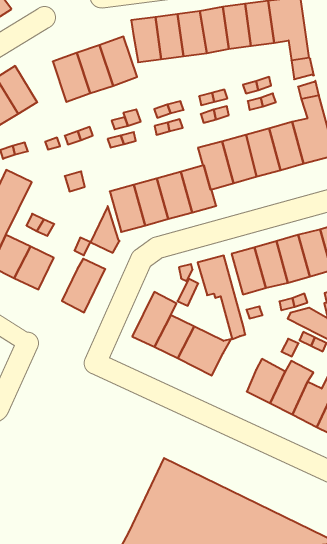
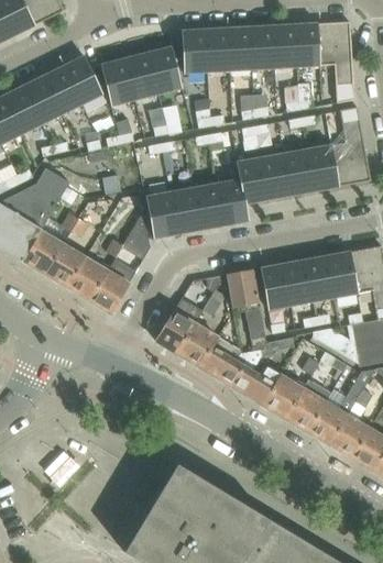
building: none -> [63,56,102,103]
building: none -> [67,257,107,300]
building: none -> [230,350,281,405]

